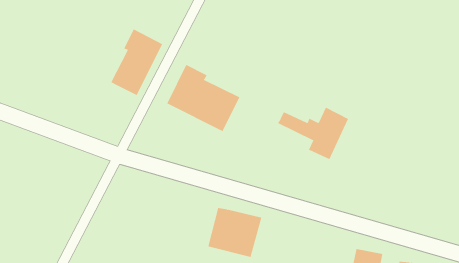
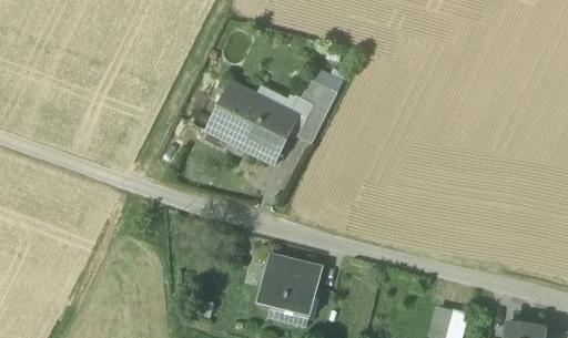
building: [111,29,163,96] -> none
building: [277,107,349,160] -> [253,80,341,144]

